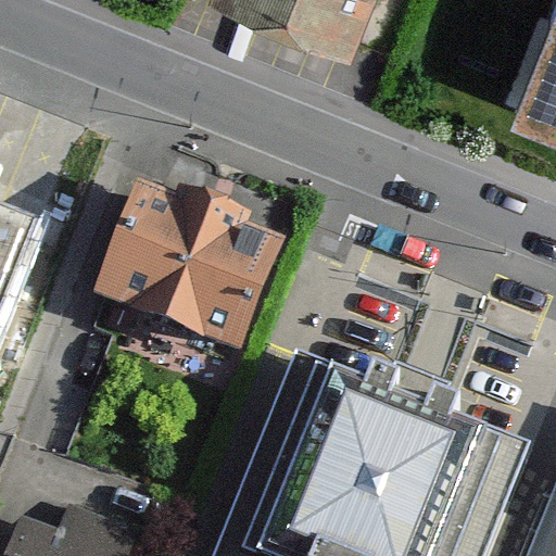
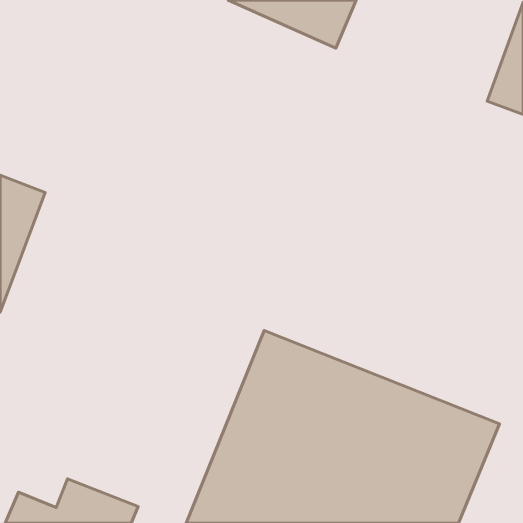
building: [86,182,288,374] -> none

